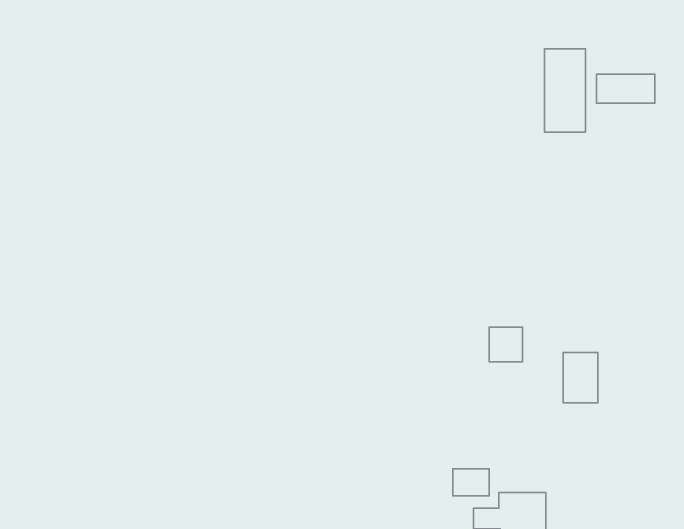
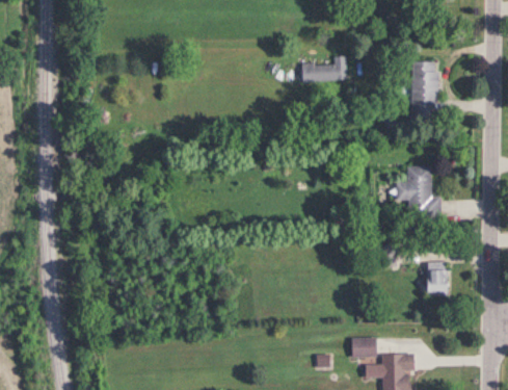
building: none -> [301,55,347,80]
building: [596,74,655,103] -> none
building: none -> [395,165,440,216]

